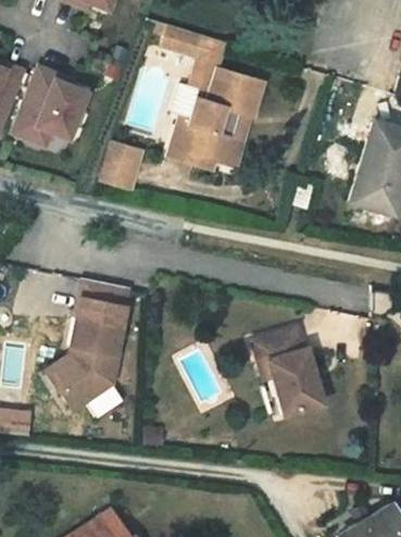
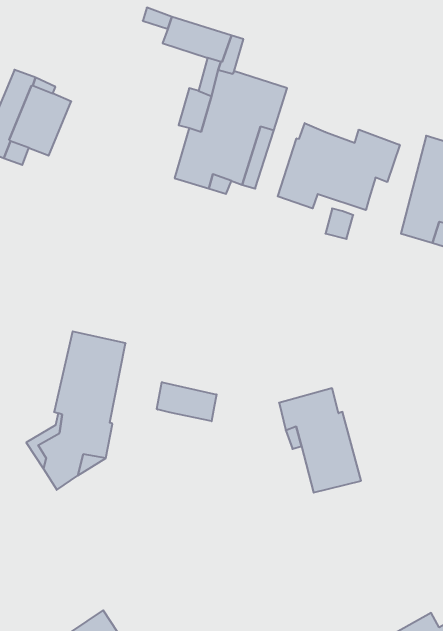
building: none -> [278,123,400,210]
building: [99,142,141,189] -> none
building: none -> [157,382,217,421]

